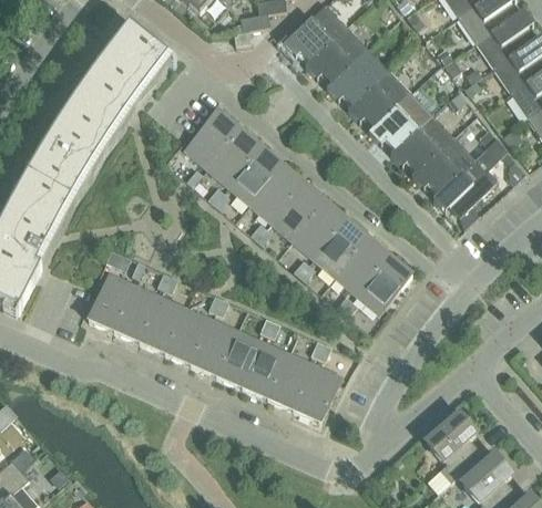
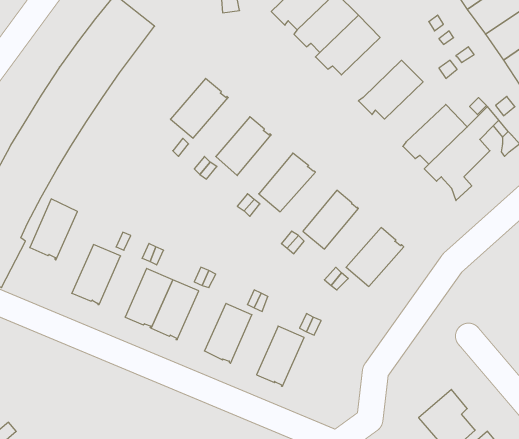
building: [346,69,409,127] -> none
building: [388,112,452,170] -> none
building: [205,127,260,185] -> none
building: [248,164,303,221] -> none
building: [290,200,346,258] -> none
building: [334,236,389,293] -> none
building: [113,282,160,342] -> [30,199,77,260]
building: [190,317,237,375] -> none
building: [242,340,288,398] -> none
building: [293,362,340,422] -> none

